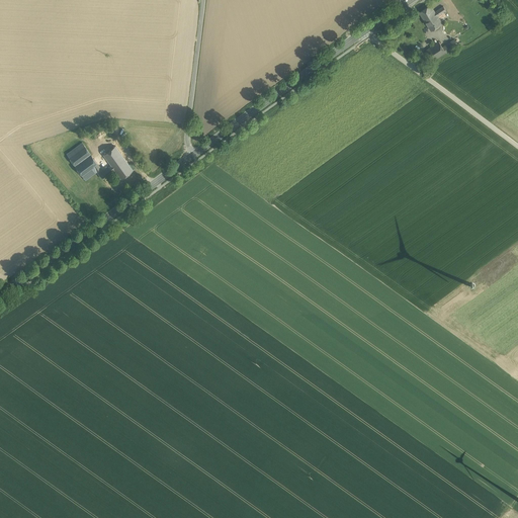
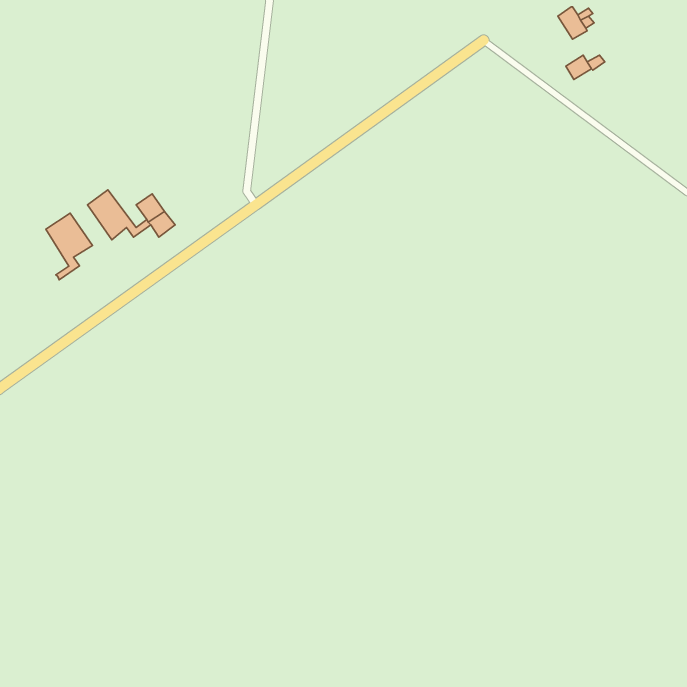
building: none -> [46,213,92,280]

